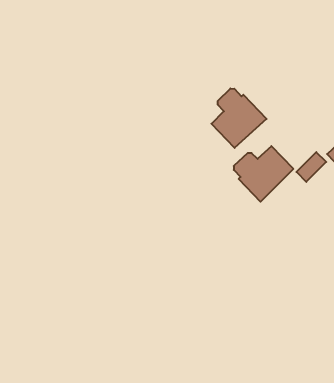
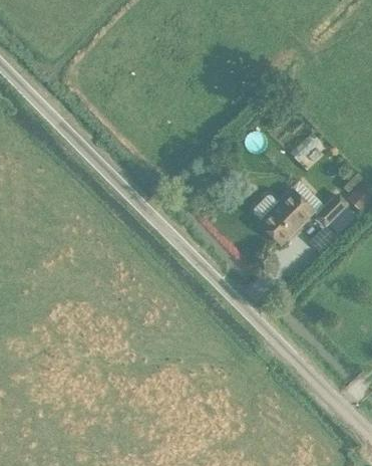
building: [211,88,267,148] -> none

